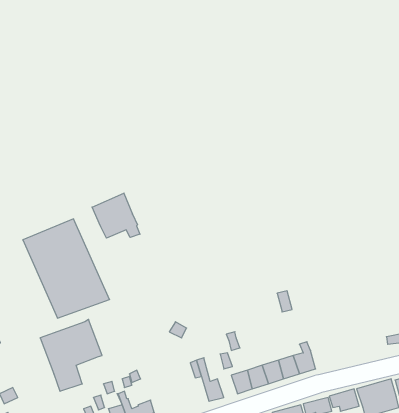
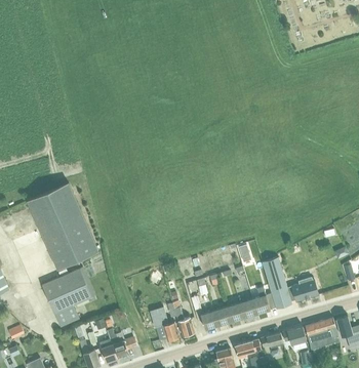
building: [92,193,140,238] -> none
building: none -> [262,257,318,309]
building: none -> [151,308,178,341]

